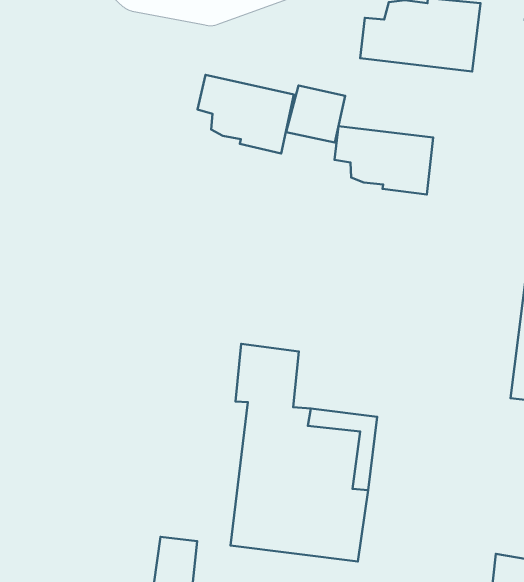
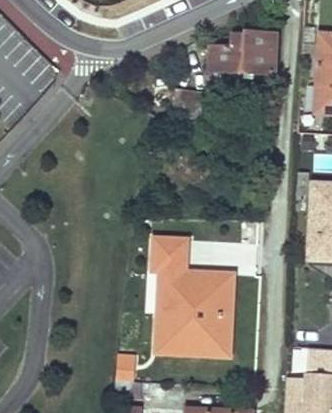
building: [198,75,294,153] -> none
building: [334,126,433,195] -> none

